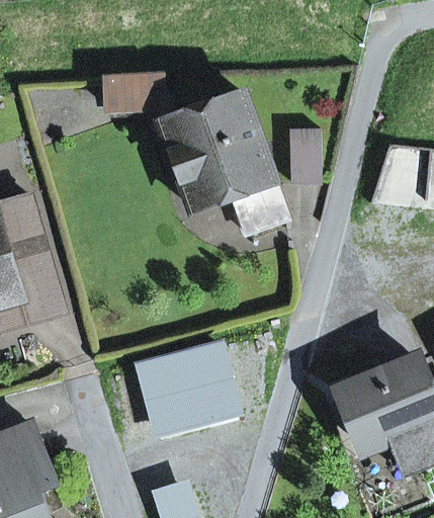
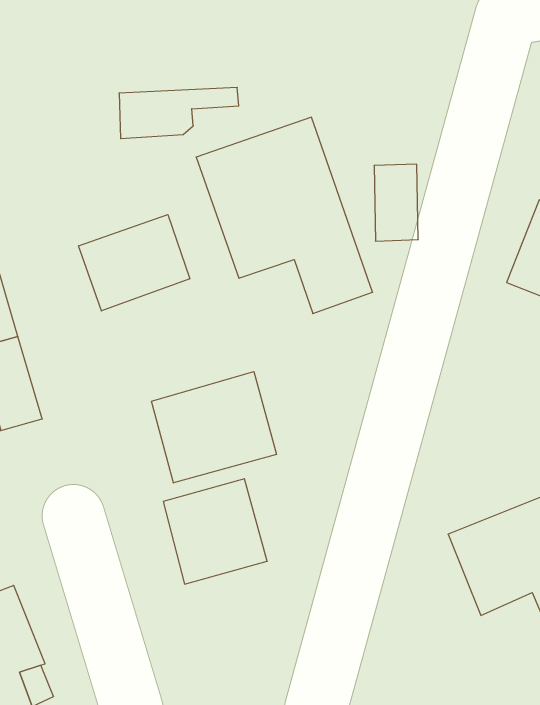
building: none -> [79,215,190,311]
building: none -> [151,372,277,483]

